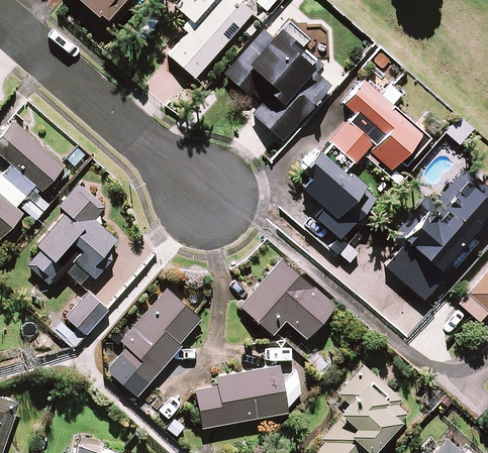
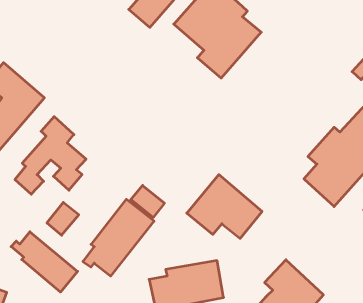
building: [332,81,429,177] -> none
building: [302,150,382,245] -> none
building: none -> [131,185,164,217]
building: none -> [11,232,78,292]

